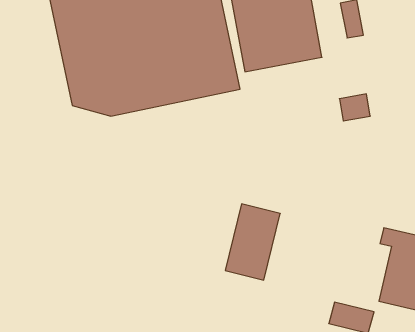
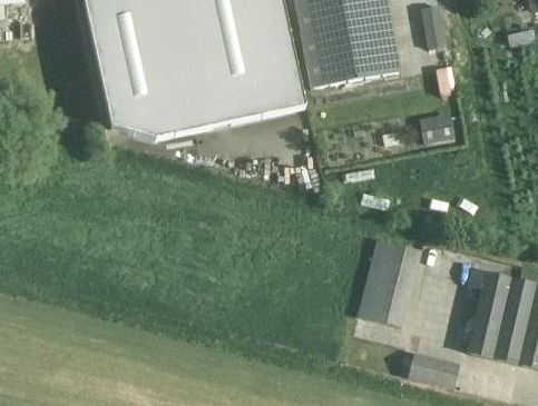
building: [225,204,280,280] -> [356,239,420,327]

